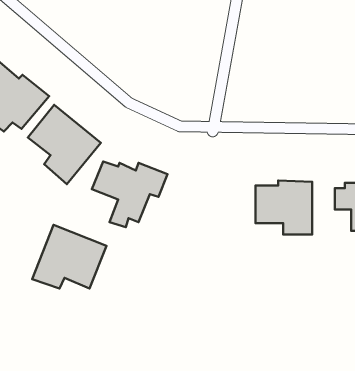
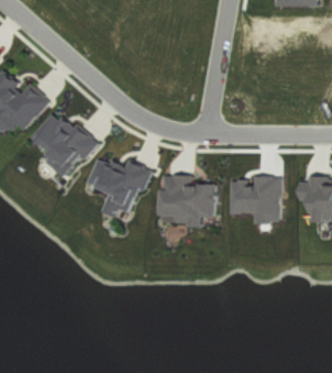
building: none -> [163,175,215,226]
building: [32,225,106,288] -> none

